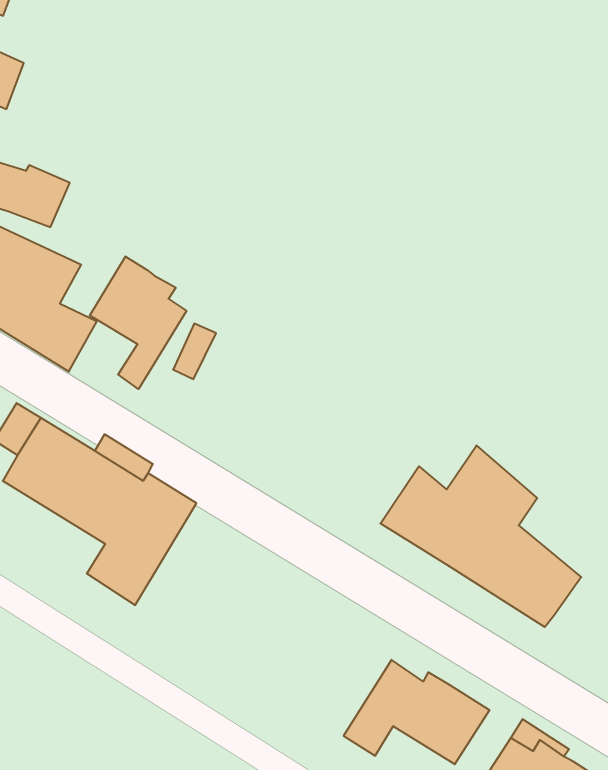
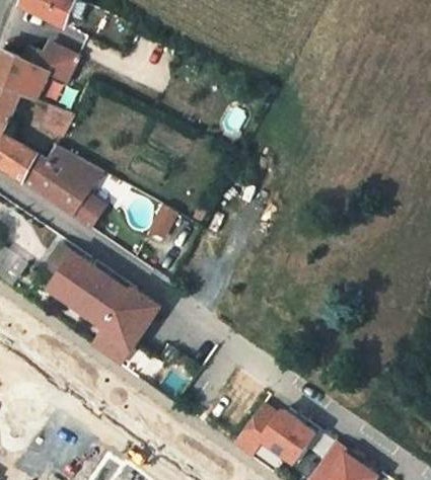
building: [90,256,186,389] -> none
building: [380,445,581,627] -> none

